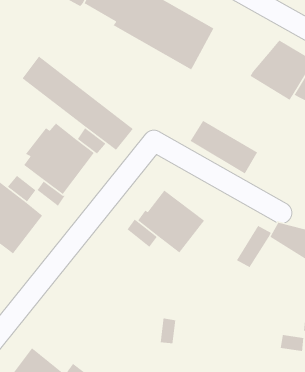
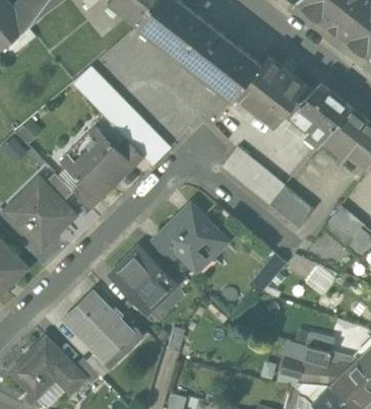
building: none -> [236,57,310,127]
building: none -> [269,186,314,229]
building: none -> [109,247,177,314]
building: none -> [63,292,132,362]

